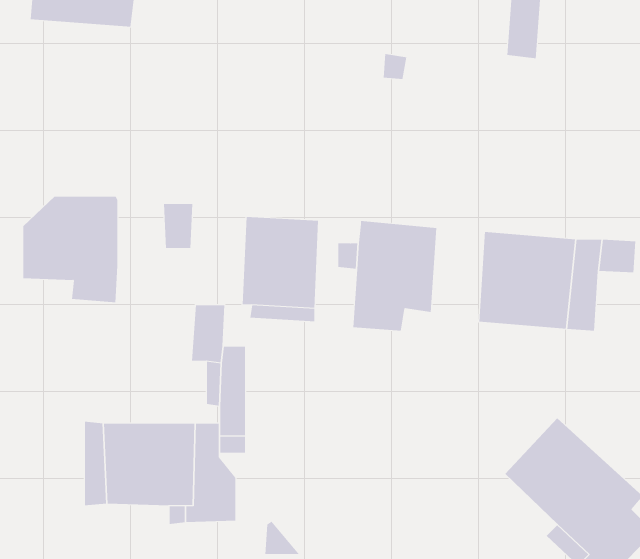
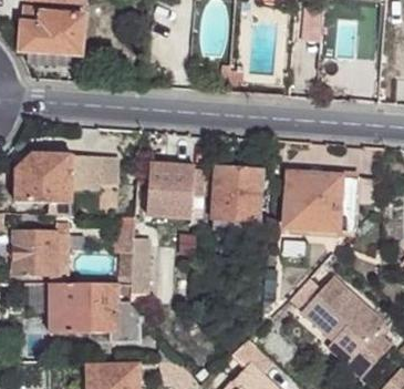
building: none -> [73,151,101,190]
building: none -> [15,229,59,272]

